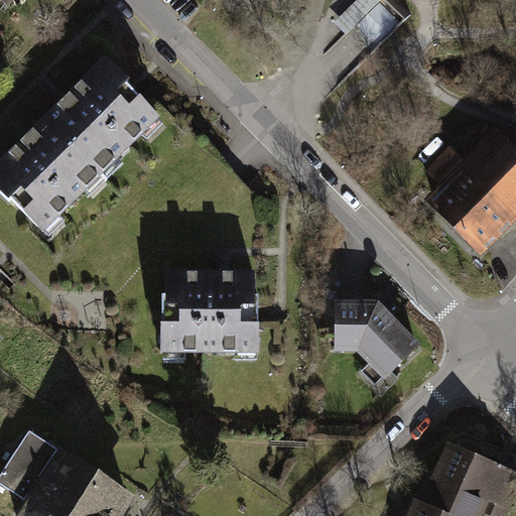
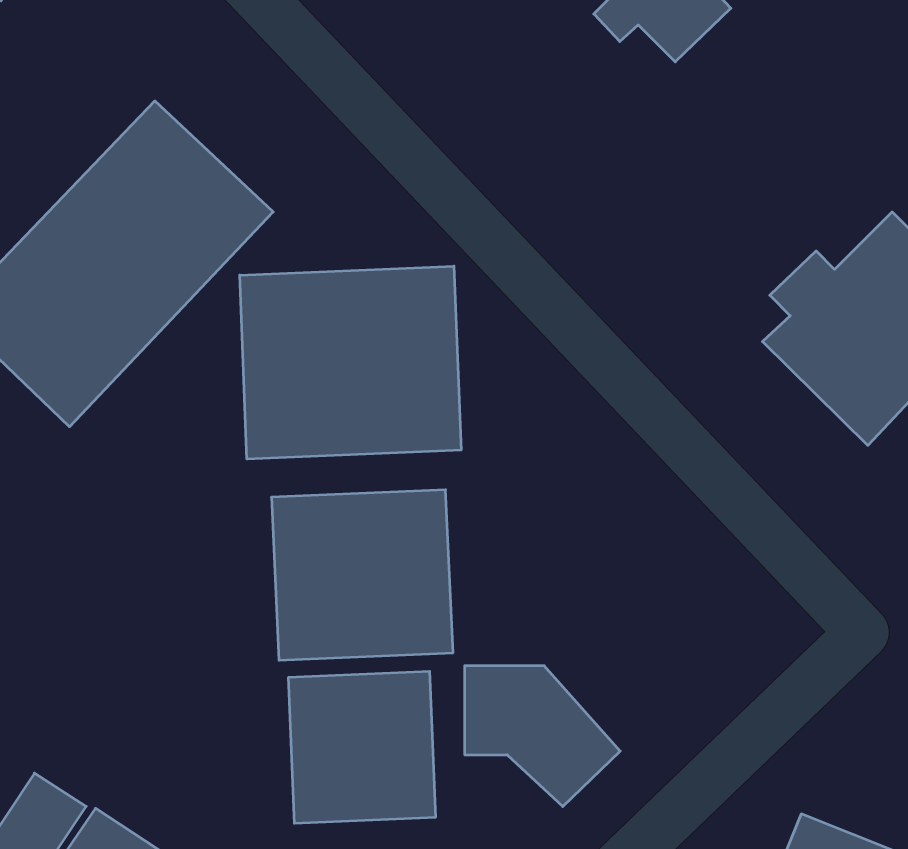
building: none -> [240,266,461,459]
building: [338,305,422,382] -> [465,666,620,807]
building: none -> [289,671,435,823]

